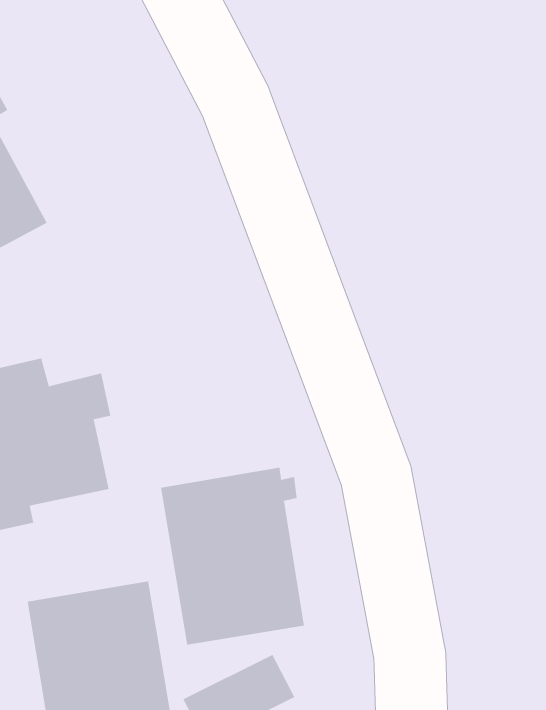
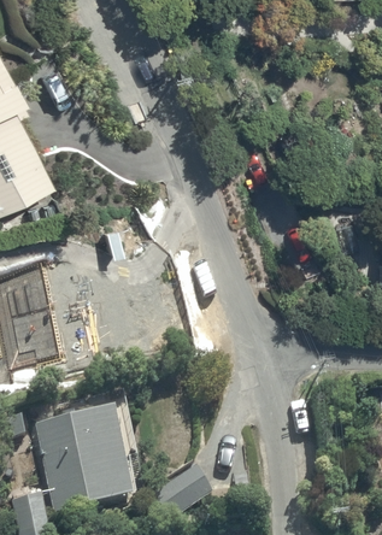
building: [161,467,304,646] -> none

